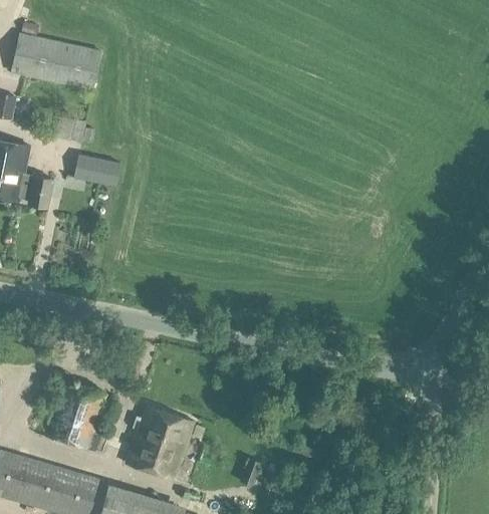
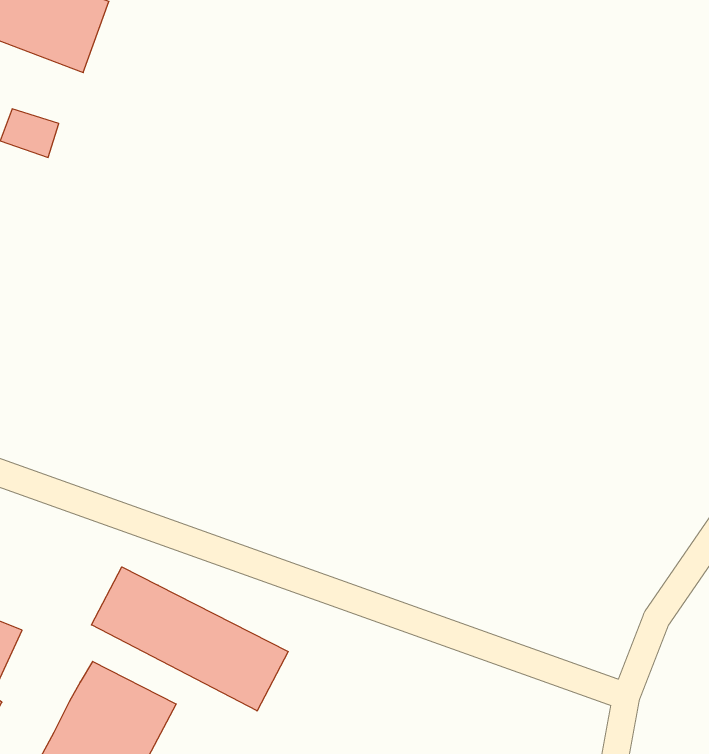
building: [74,154,119,185] -> none
building: none -> [91,567,288,711]

